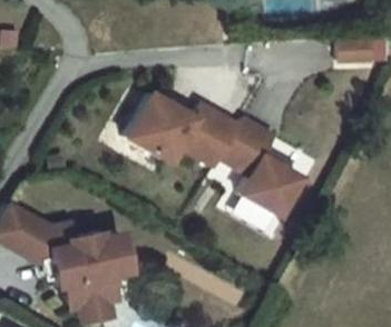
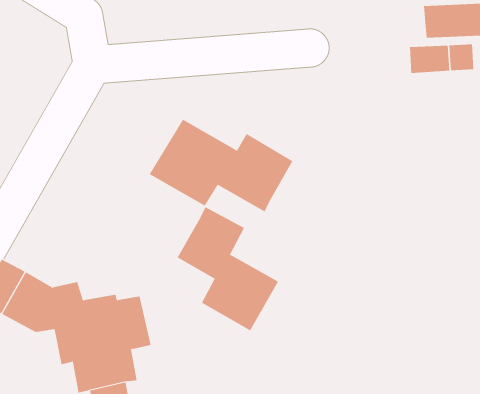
building: [223,131,303,229] -> [177,207,279,331]

